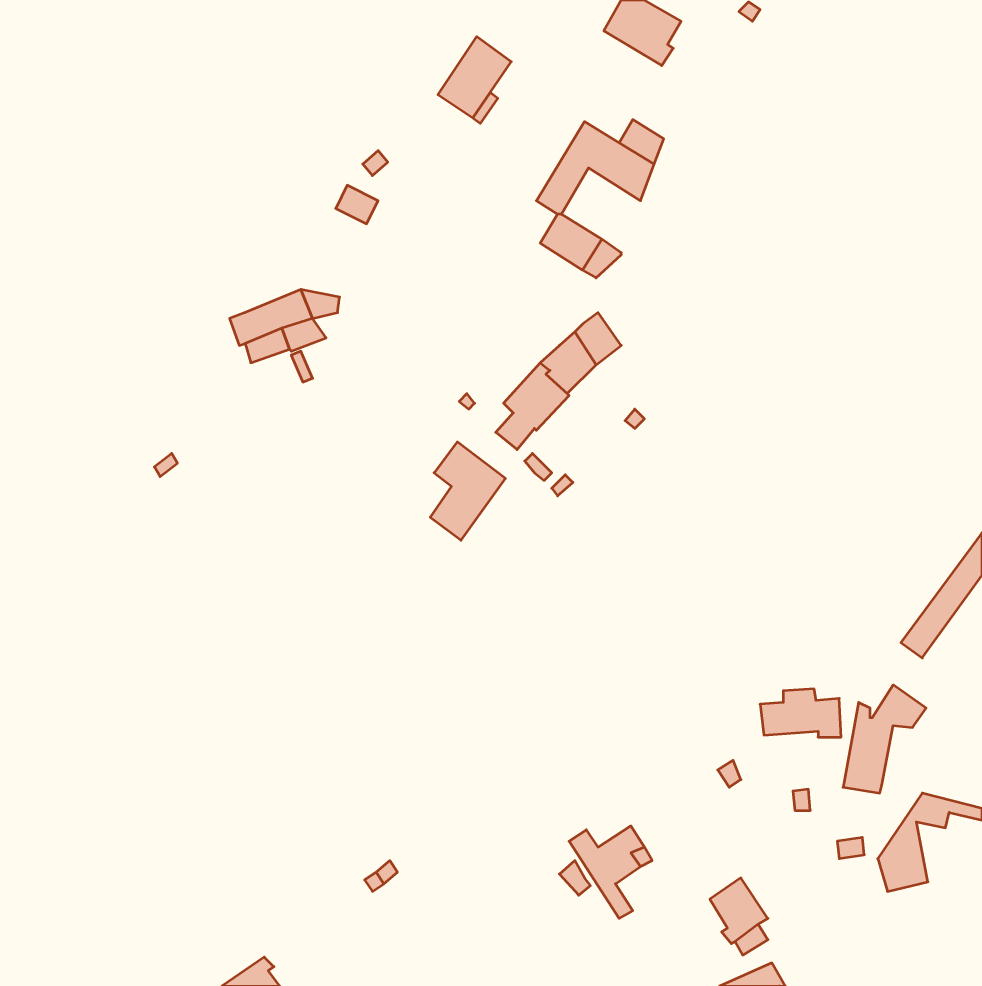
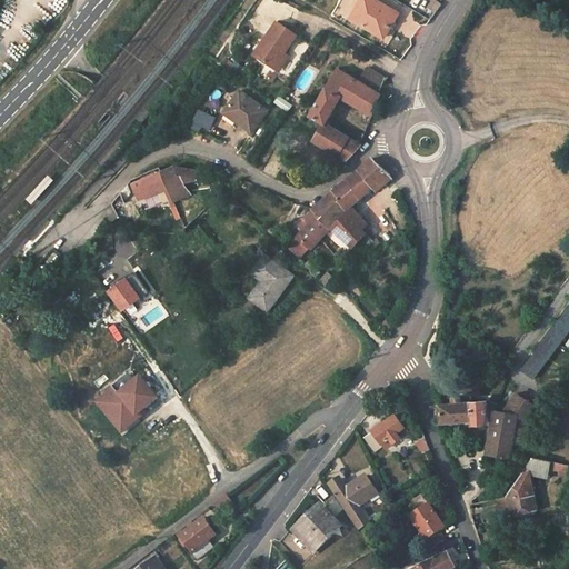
building: none -> [222,91,264,132]
building: none -> [345,159,389,199]
building: none -> [329,208,369,248]
building: none -> [107,272,146,310]
building: none -> [92,373,162,435]
building: none -> [362,415,406,452]
building: none -> [293,507,339,551]
building: none -> [177,518,212,560]

